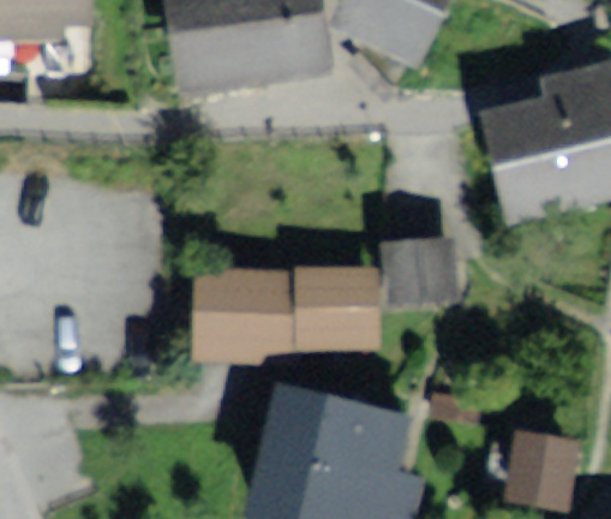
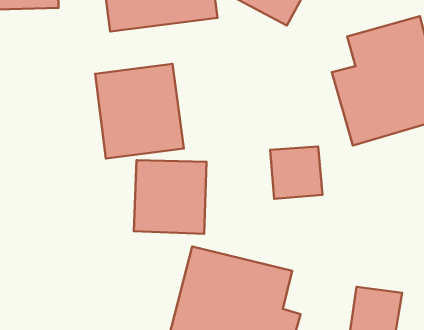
building: none -> [95,64,184,159]
building: [312,257,389,351] -> none

